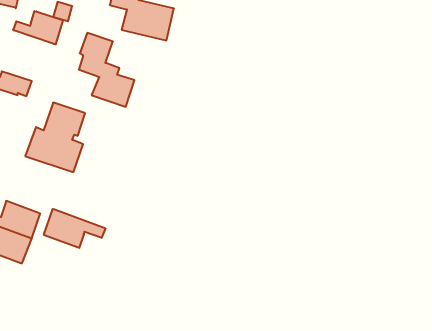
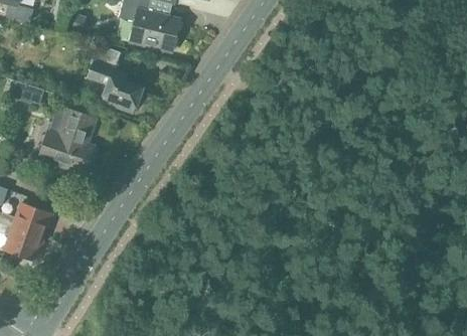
building: [13,11,63,44] -> none
building: [44,209,105,248] -> none

